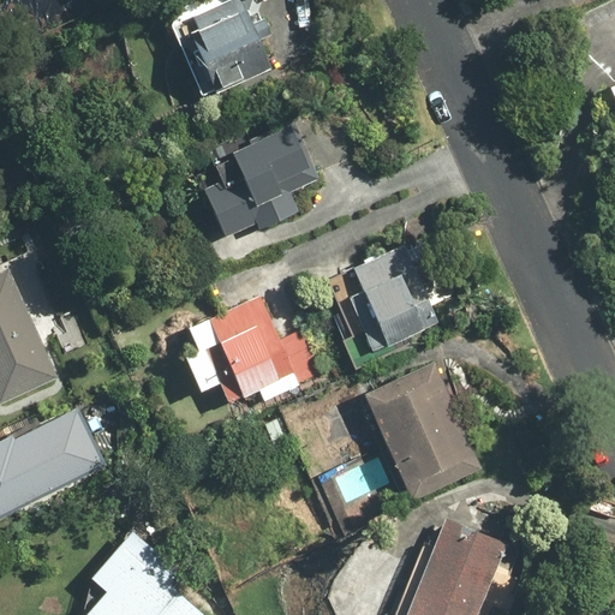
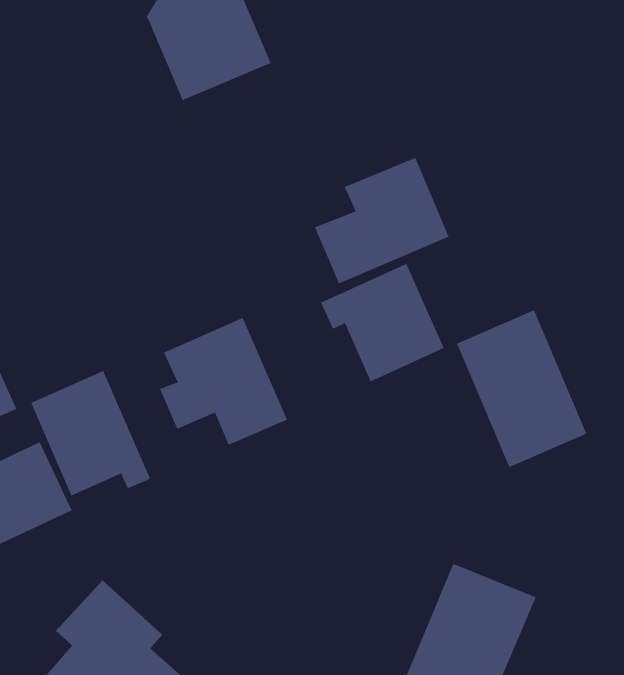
building: [202,126,322,239] -> [314,157,450,284]
building: none -> [31,370,151,496]
building: [363,364,479,504] -> [456,310,587,468]

